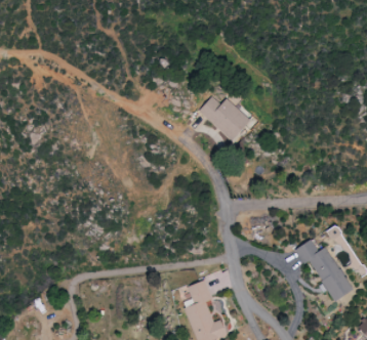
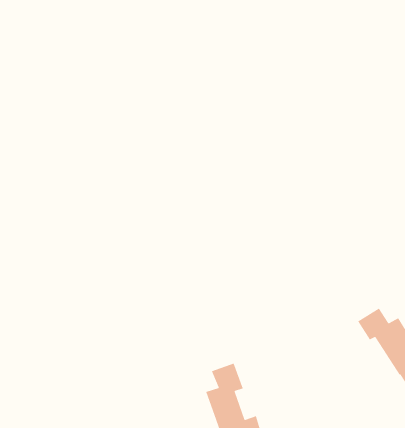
building: [199,95,251,140] -> none

